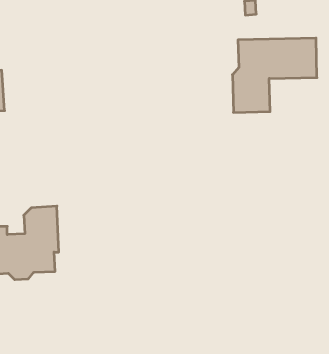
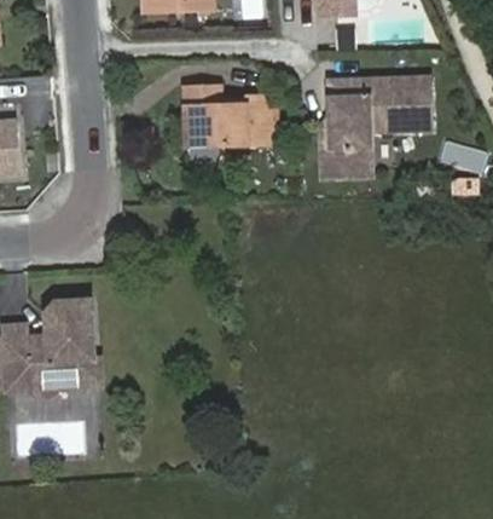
building: none -> [184,85,269,144]

